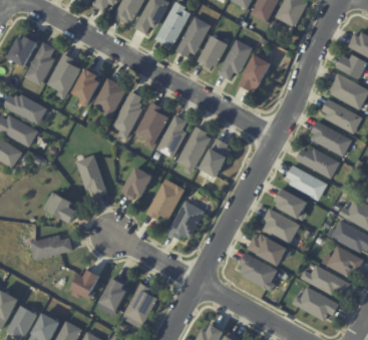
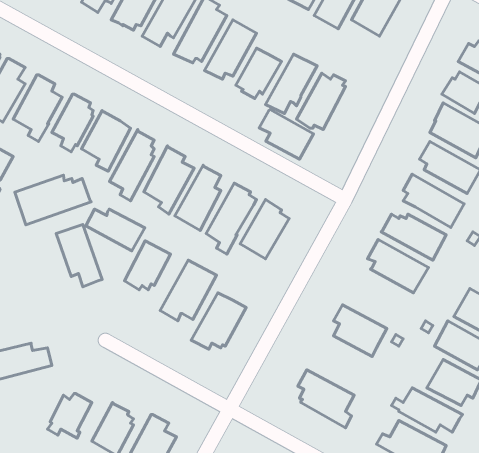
building: none -> [259,110,314,159]
building: none -> [15,175,91,225]
building: none -> [86,209,145,251]
building: [274,187,308,221] -> none
building: [43,191,77,223] -> none
building: [248,234,290,265] -> none

